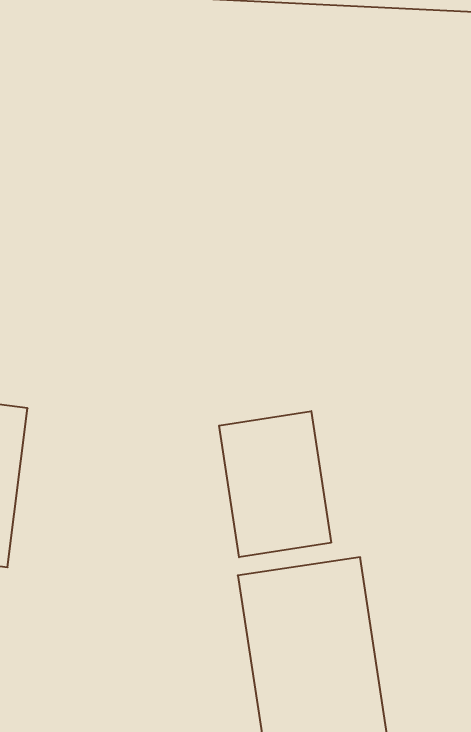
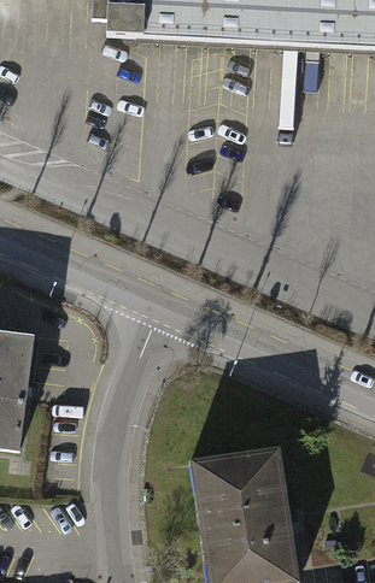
building: [219,411,331,557] -> none

